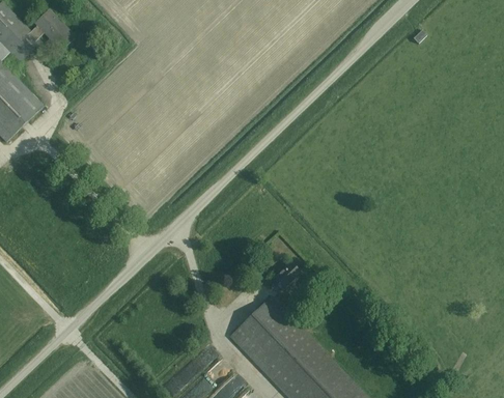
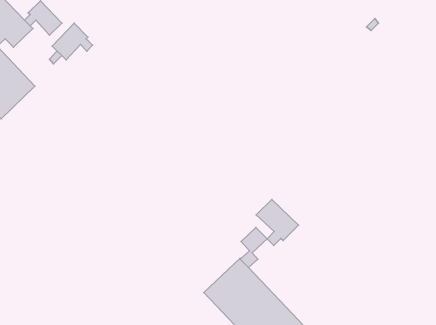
building: none -> [52,23,92,60]
building: none -> [256,199,299,245]

